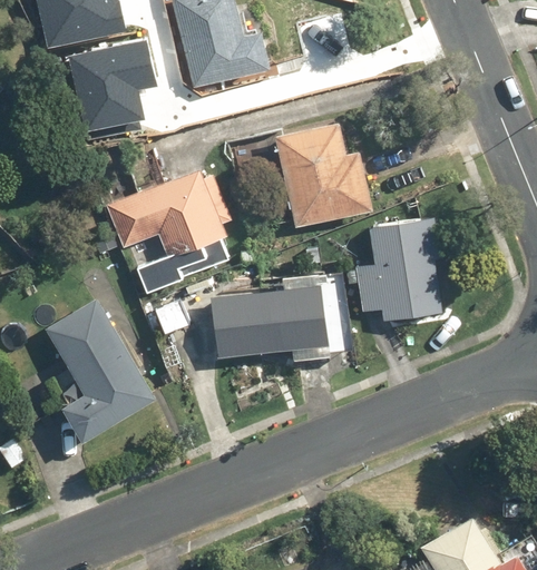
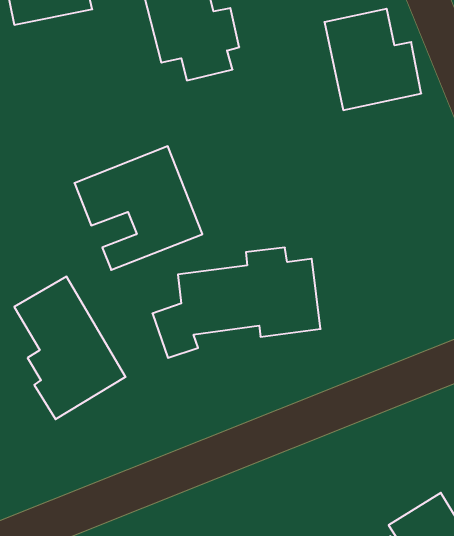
building: [68,43,157,137] -> none
building: [274,122,371,224] -> [324,9,421,110]
building: [354,222,441,320] -> none

